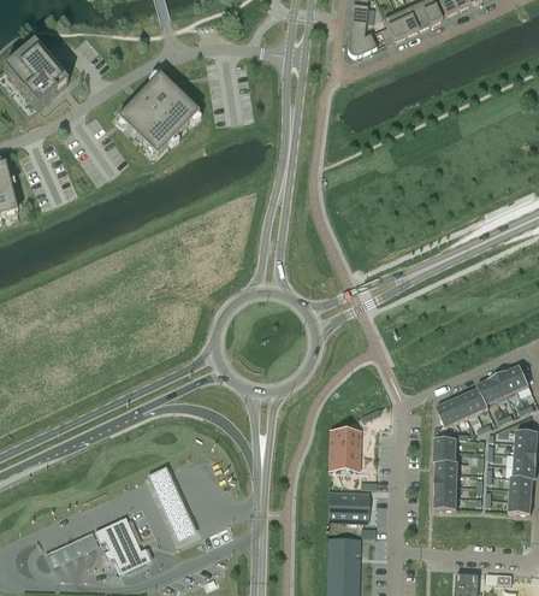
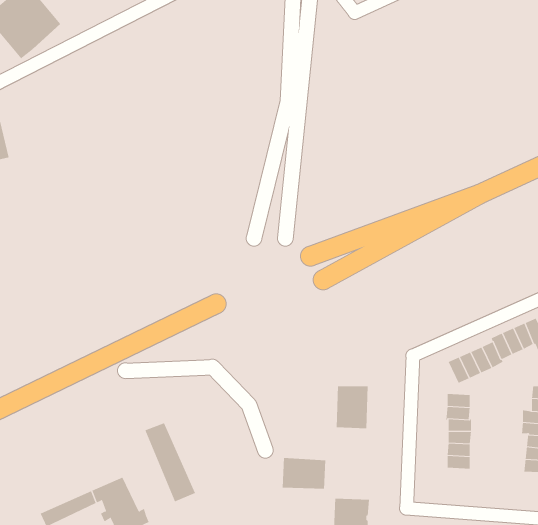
building: [117,73,199,154] -> none
building: [327,490,369,520] -> [282,458,326,489]

